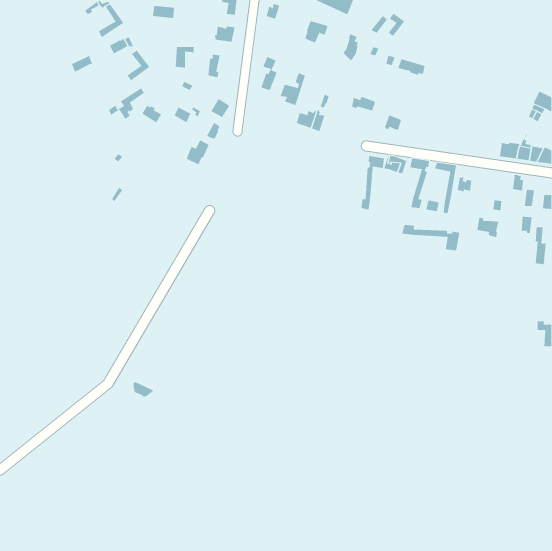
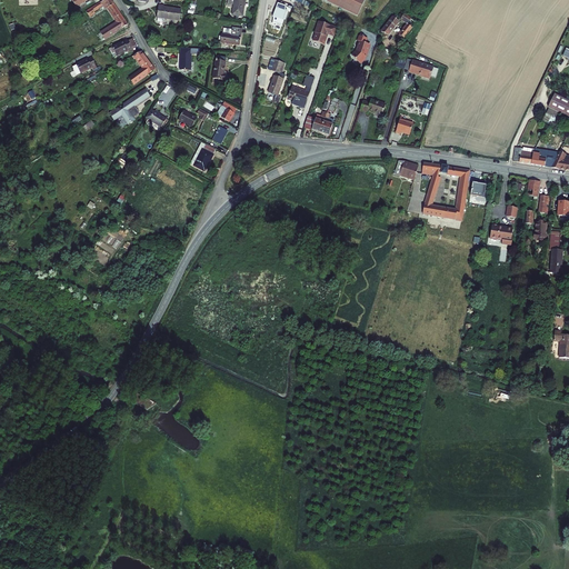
building: [361,155,385,210] -> none
building: [402,224,460,251] -> none

